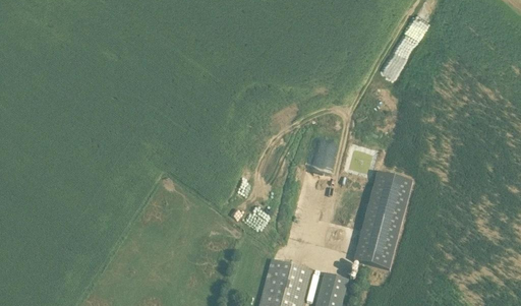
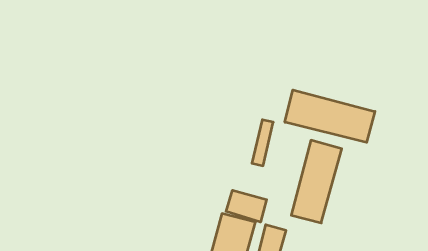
building: none -> [285,90,375,142]
building: none -> [226,190,267,222]

